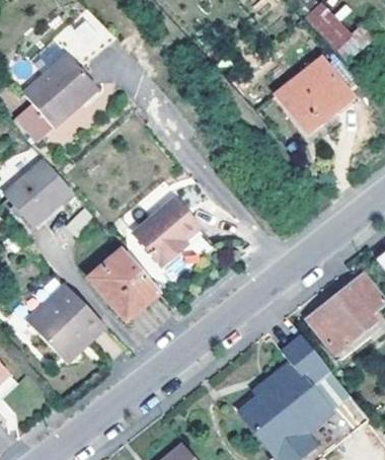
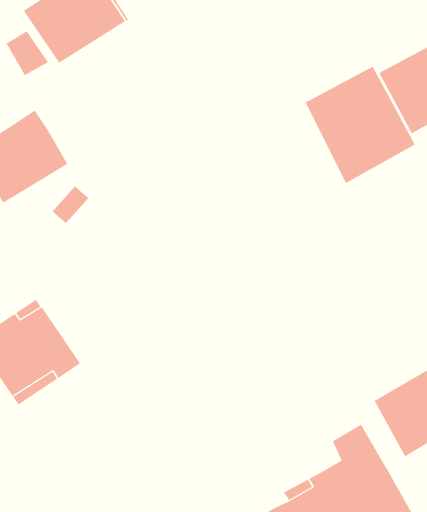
building: none -> [305,66,415,184]
building: [132,197,212,277] -> none
building: [87,246,158,319] -> none

